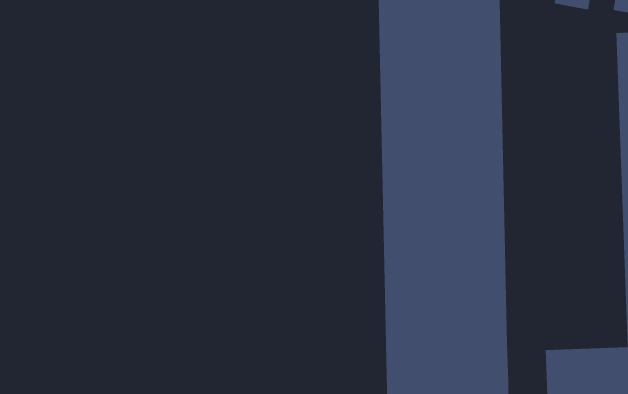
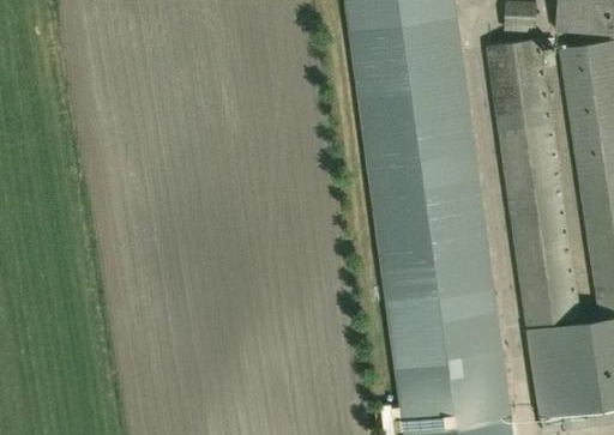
building: none -> [487,38,580,325]

